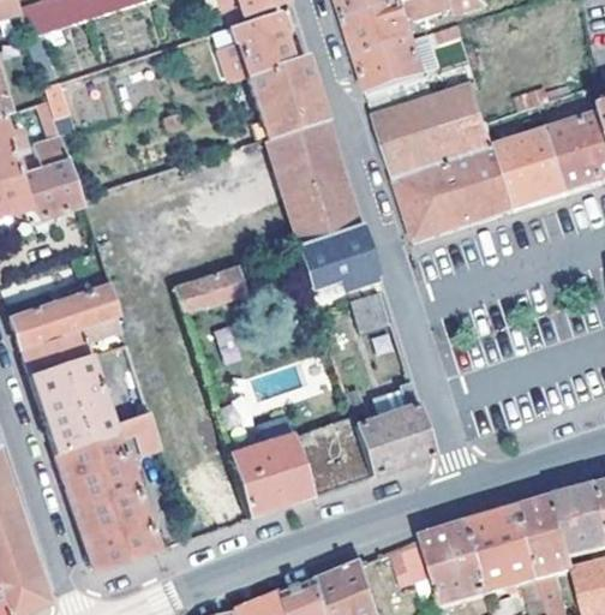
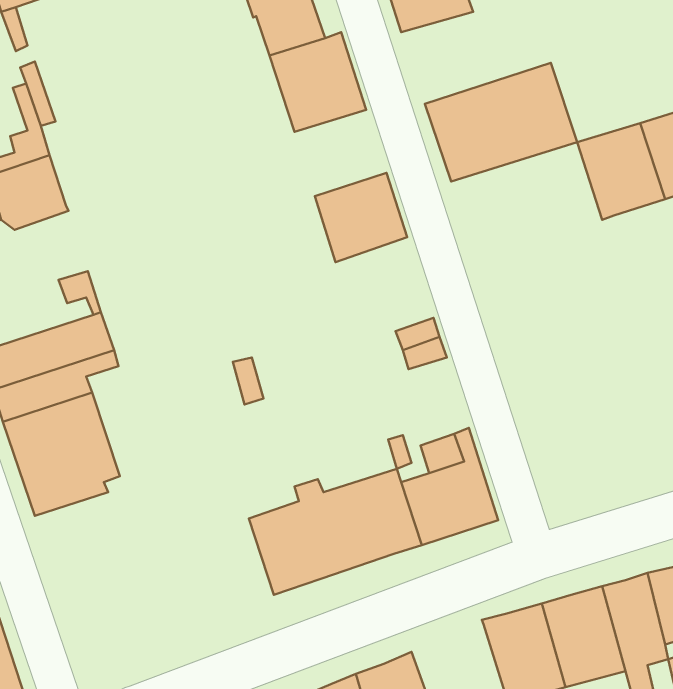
building: [354,37,425,94] -> none
building: [266,118,342,189] -> none
building: [395,144,519,241] -> none
building: [298,222,377,287] -> none
building: [173,263,247,311] -> none
building: [54,410,161,567] -> none
building: [388,537,430,584] -> none

